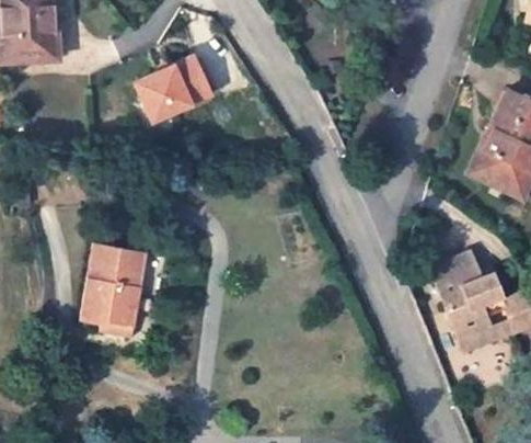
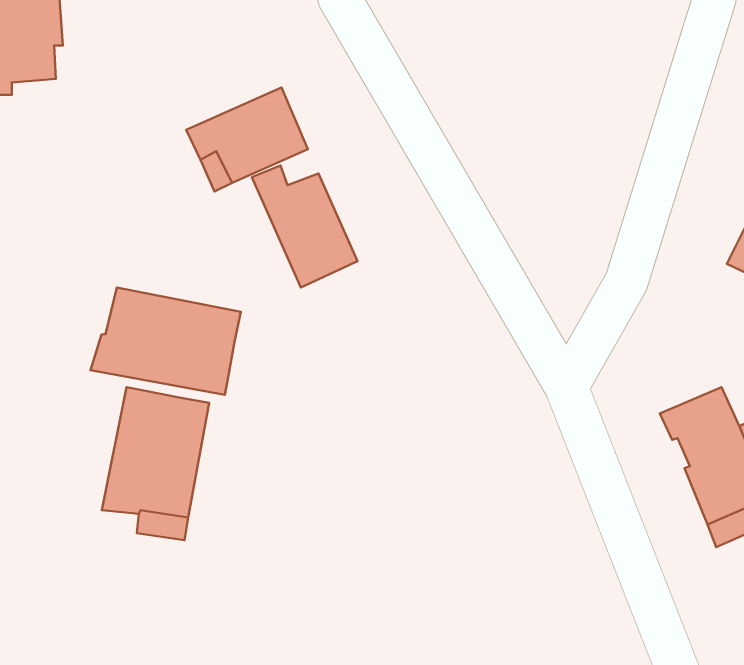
building: none -> [252,166,358,287]
building: none -> [91,287,241,395]

